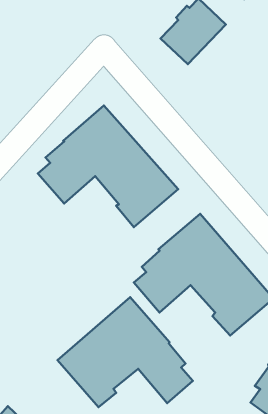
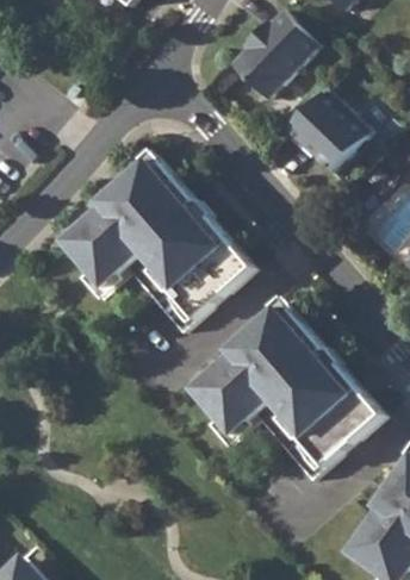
building: none -> [285,91,368,169]
building: [58,297,193,407] -> none

